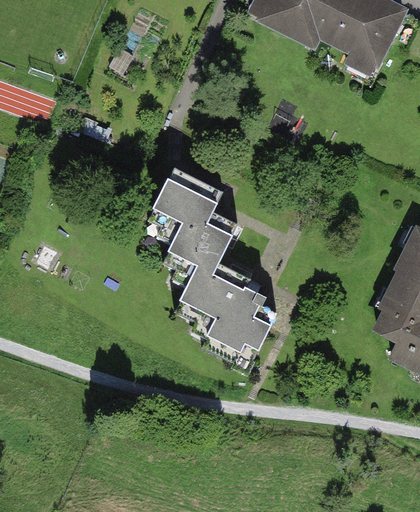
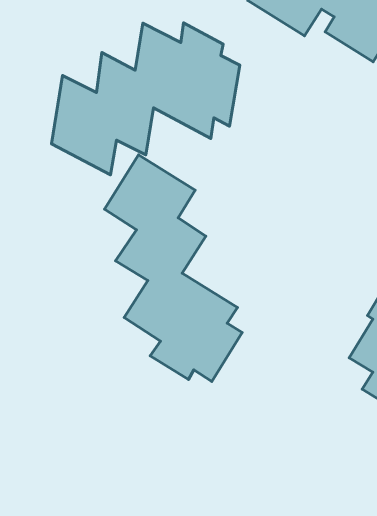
building: none -> [51,23,240,175]

